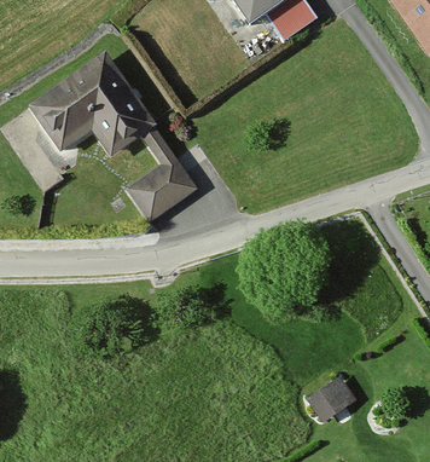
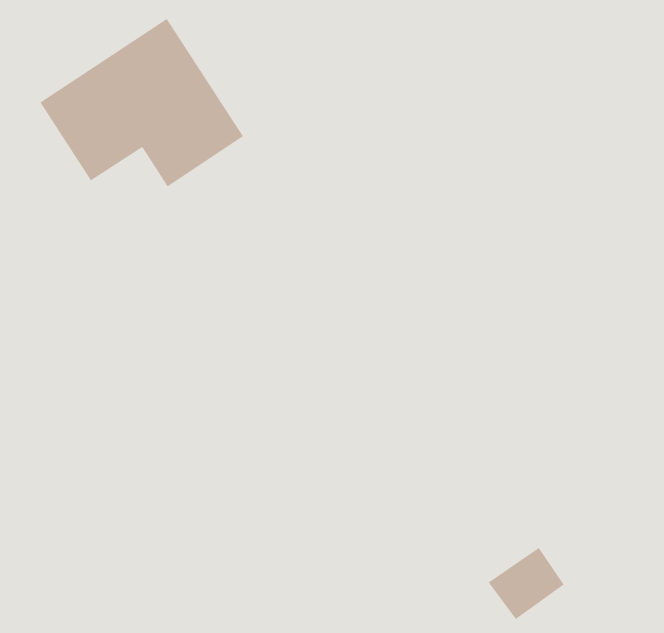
building: [126,156,194,219] -> none

